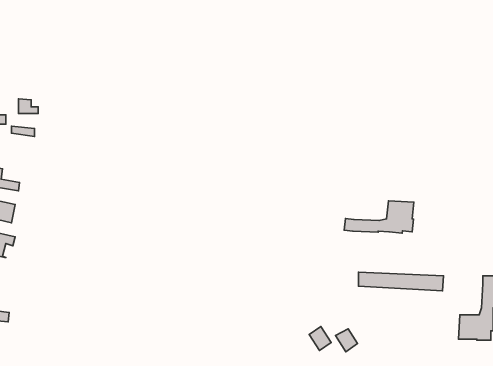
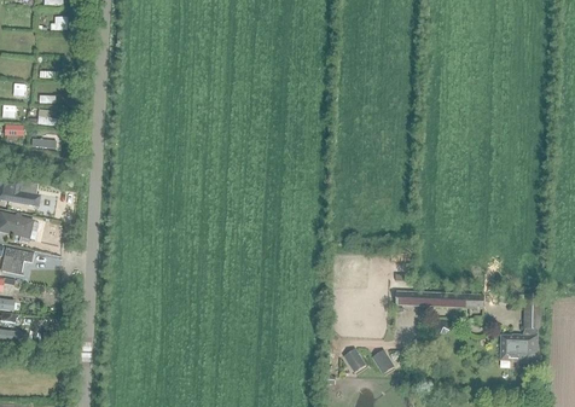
building: [344,201,414,233] -> none

